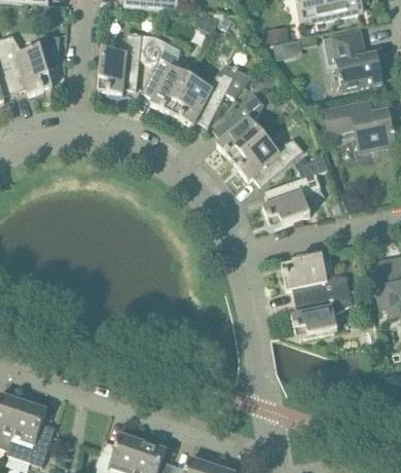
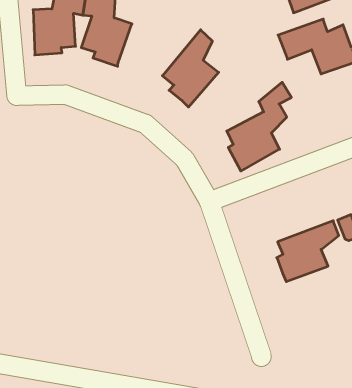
building: [173,65,250,125] -> none
building: [232,134,304,185] -> none
building: [282,255,350,299] -> none

